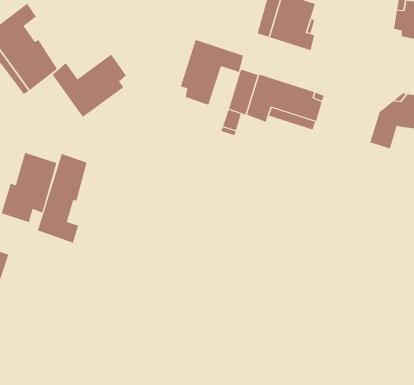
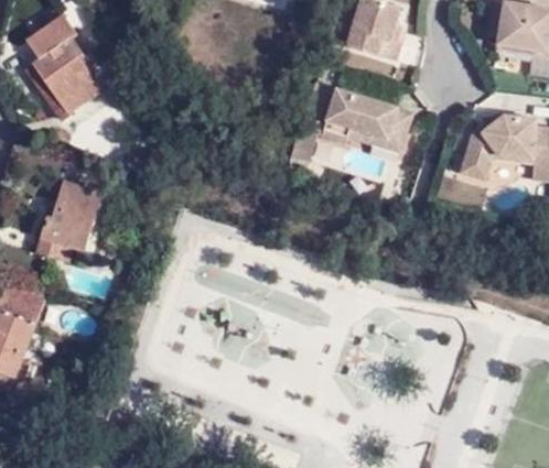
building: [180,39,244,106] -> none
building: [52,54,126,118] -> none
building: [37,153,87,243] -> none

